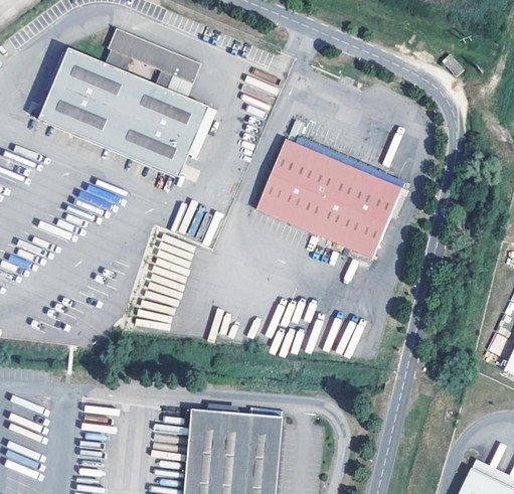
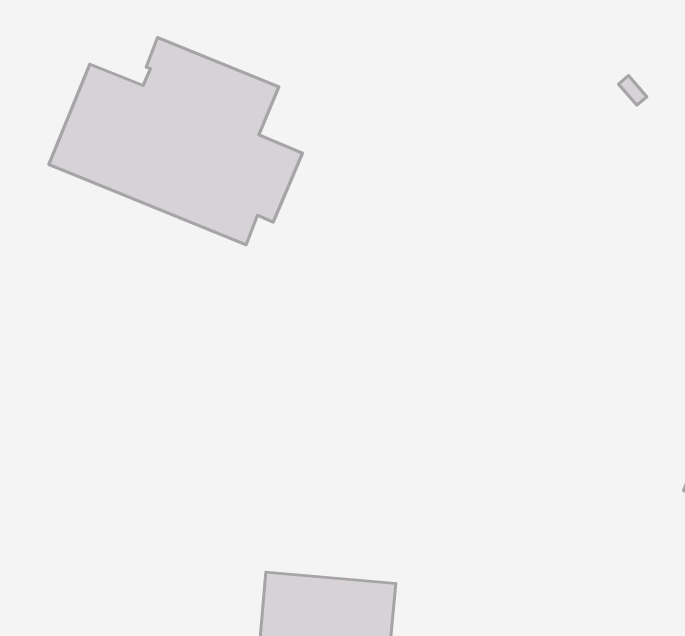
building: [259,119,406,259] -> none

